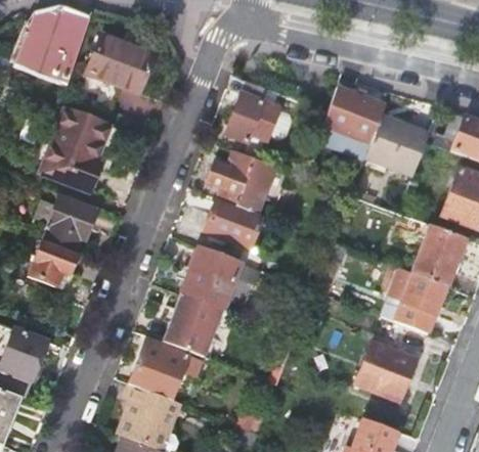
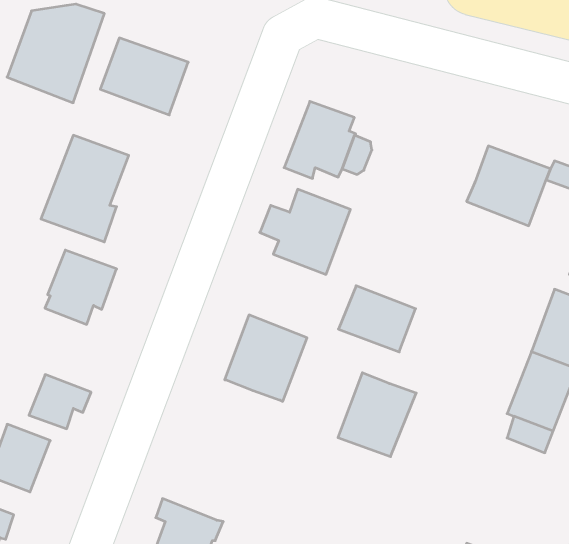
building: [321,82,384,145] -> none
building: [204,199,262,250] -> [338,286,416,352]
building: [30,243,77,284] -> [29,375,91,429]
building: [163,295,222,358] -> [338,373,416,457]
building: [129,342,199,401] -> none
building: [355,343,416,400] -> none

